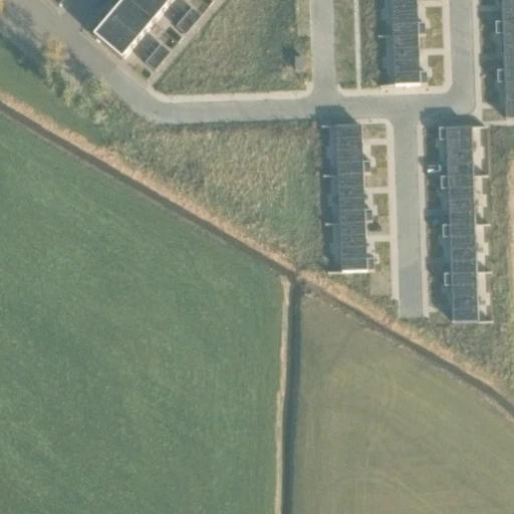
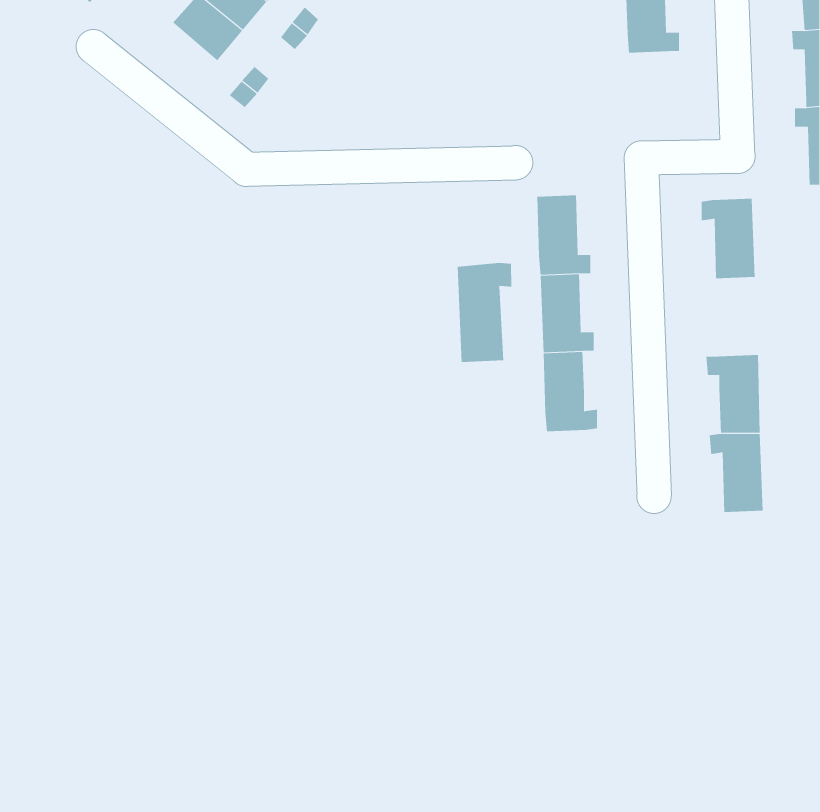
building: [92,14,136,56] -> none
building: [392,32,426,82] -> none
building: none -> [457,262,512,363]
building: [439,173,473,222] -> none

